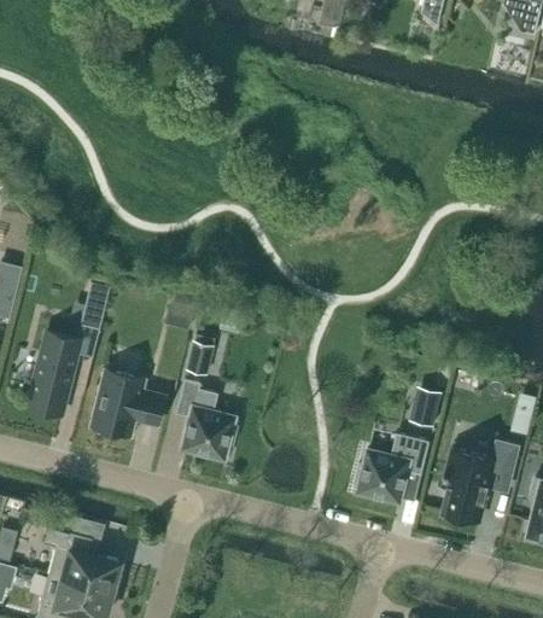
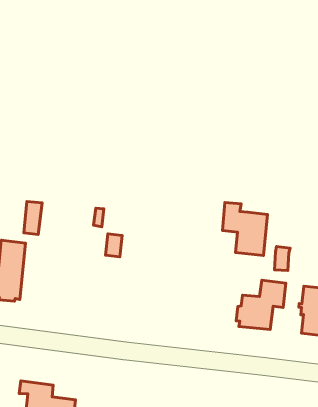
building: none -> [222,202,268,255]
building: [92,371,165,438] -> none
building: [176,379,237,460] -> none

